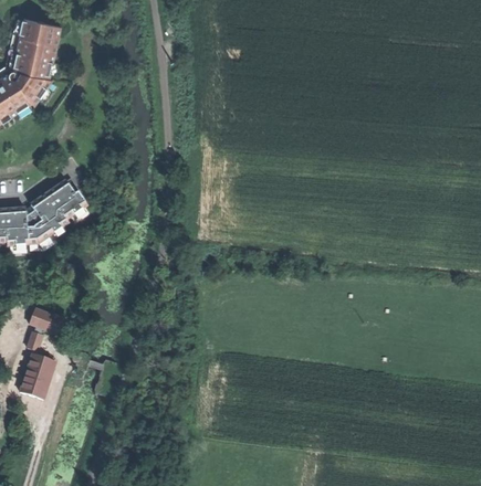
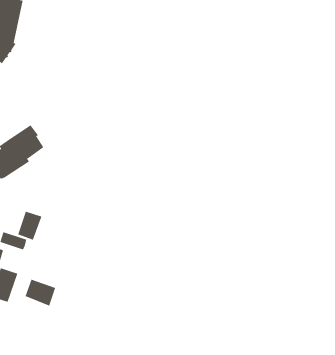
building: none -> [17,211,42,240]
building: none -> [25,279,56,306]

